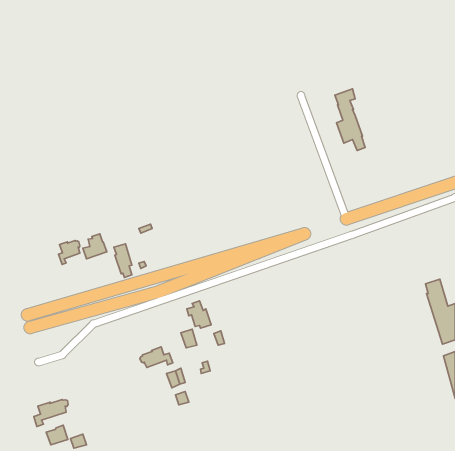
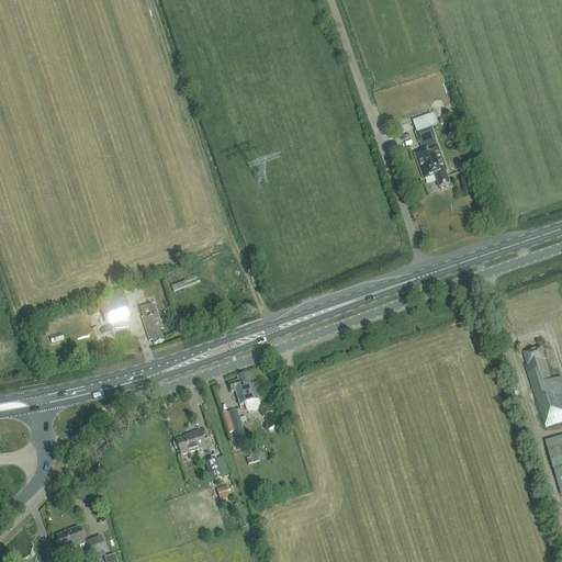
building: [58,240,80,264] -> none
building: [34,400,68,426] -> none

